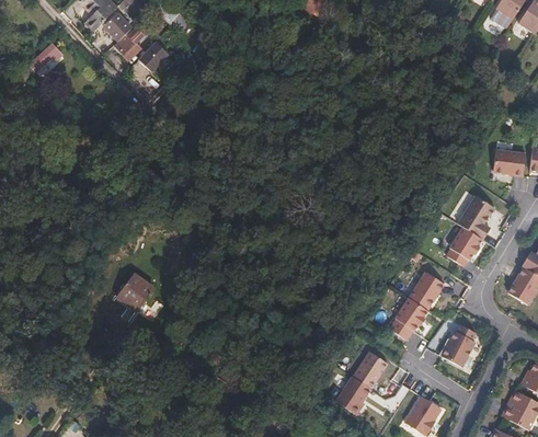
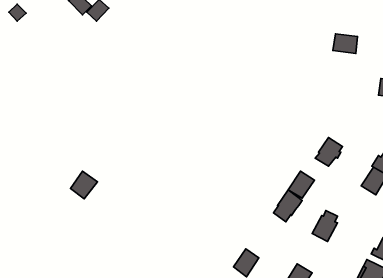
building: [492,150,525,176] -> [333,34,358,54]
building: [457,196,494,240] -> none
building: [352,352,387,389] -> none

